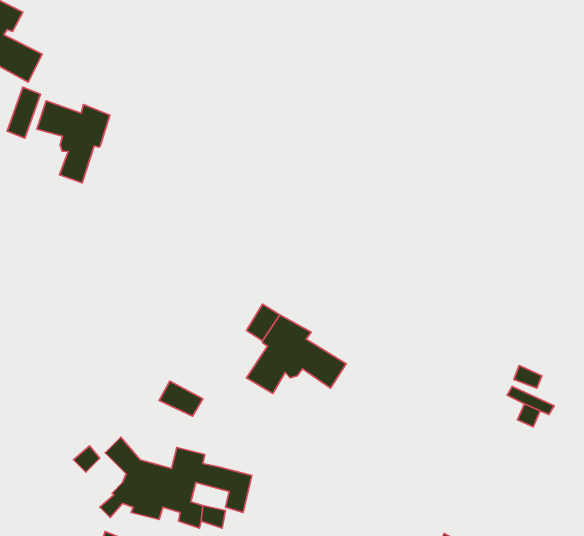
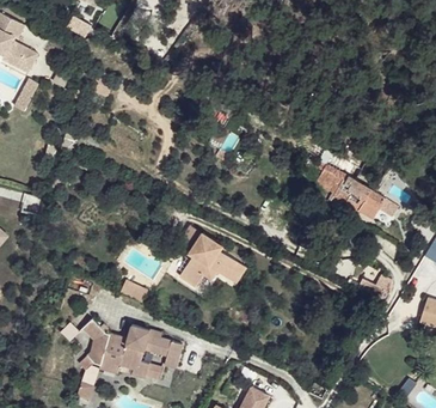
building: [37,101,110,183] -> none
building: none -> [318,165,386,220]

